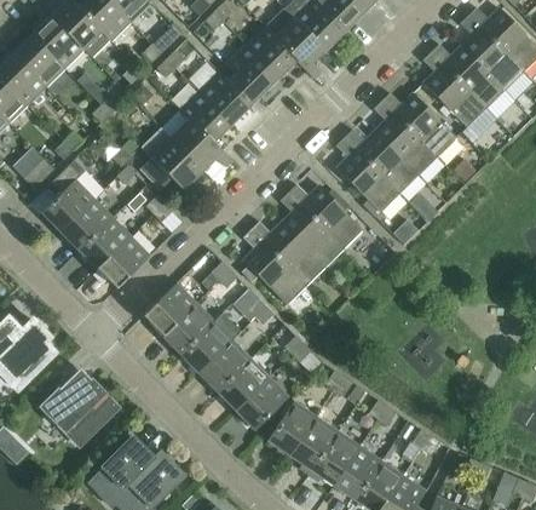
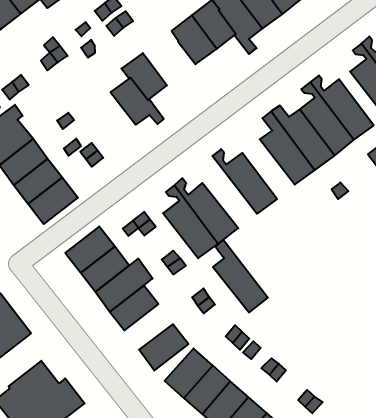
building: [189,62,250,124] -> none
building: [140,127,202,189] -> none
building: [281,193,344,267] -> [213,240,268,312]
building: [218,359,269,409] -> none

